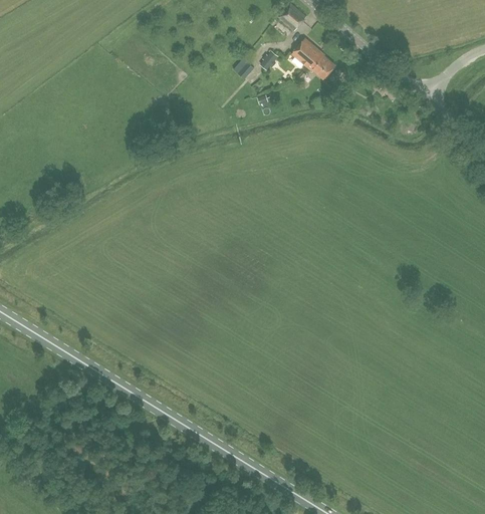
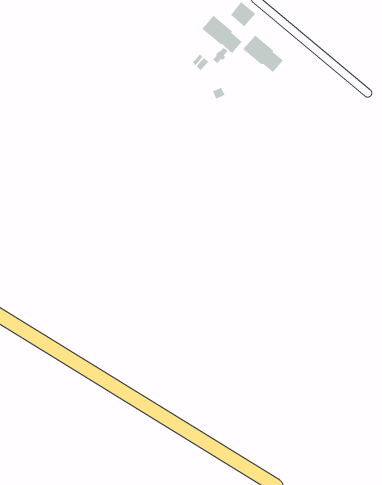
building: none -> [202,15,243,54]

